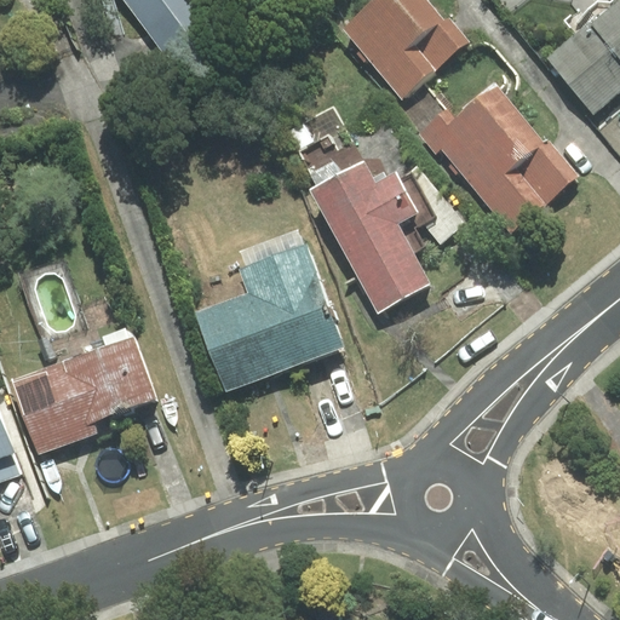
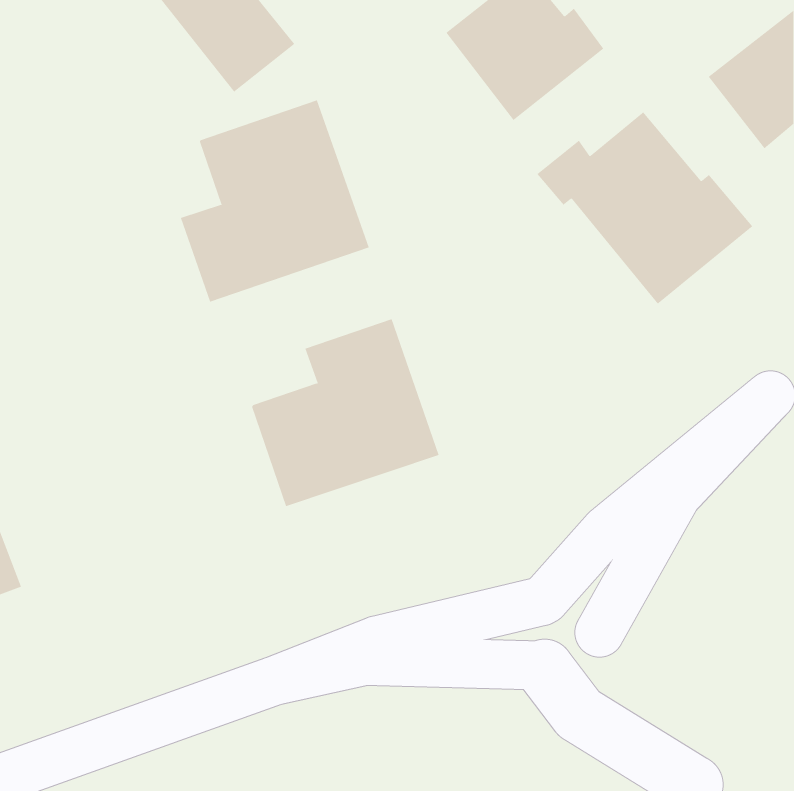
building: none -> [180,100,369,303]
building: [312,162,465,311] -> none
building: [8,331,160,452] -> none

